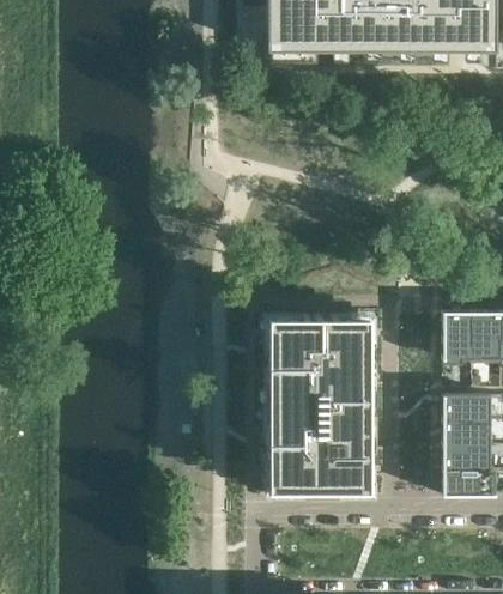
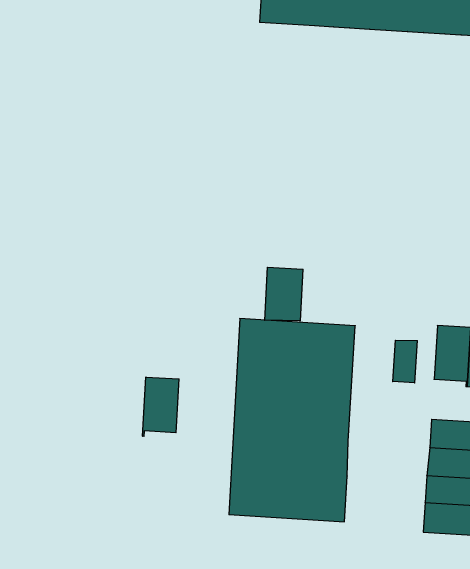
building: none -> [265,267,303,321]
building: none -> [393,340,417,383]
building: none -> [143,377,179,436]

